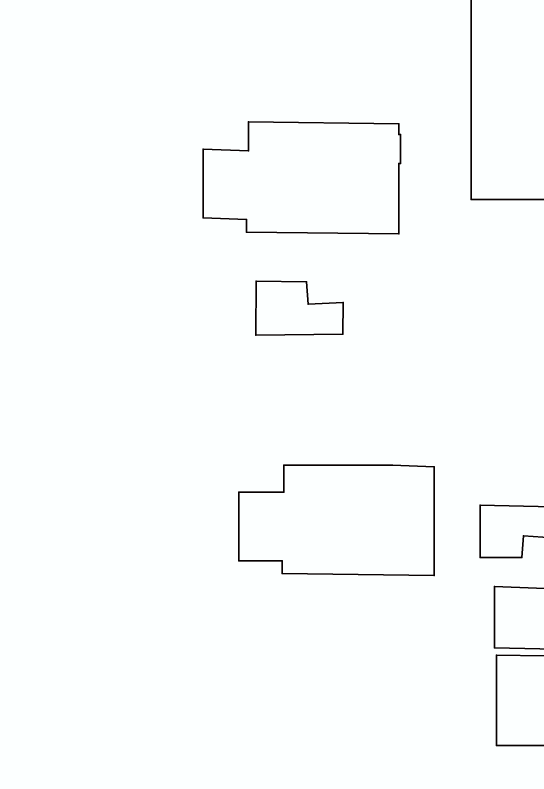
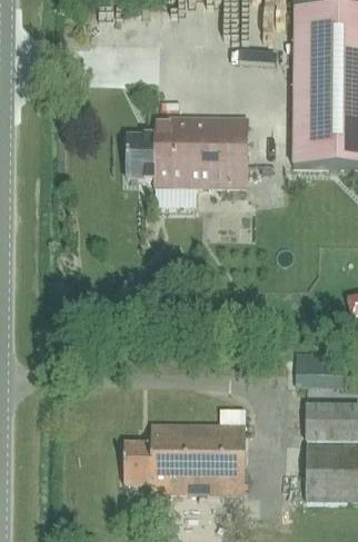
building: [256,281,343,335] -> none
building: [239,465,434,575] -> [125,424,245,492]

